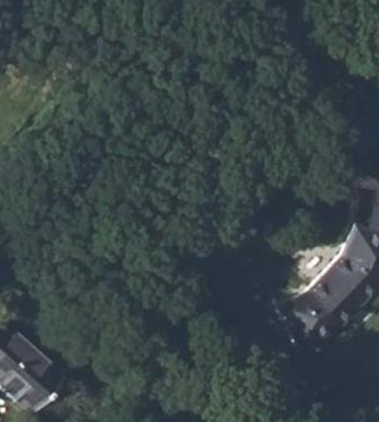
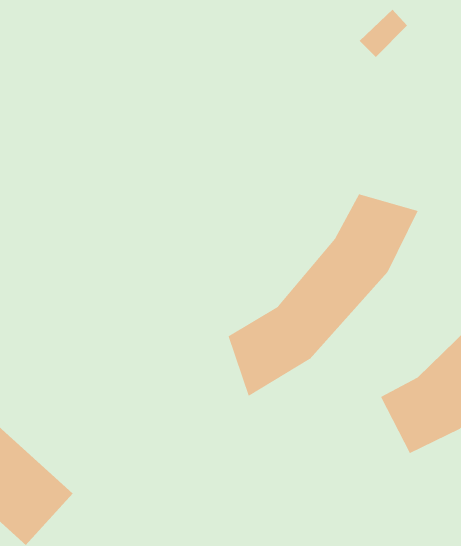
building: none -> [228,193,418,397]

